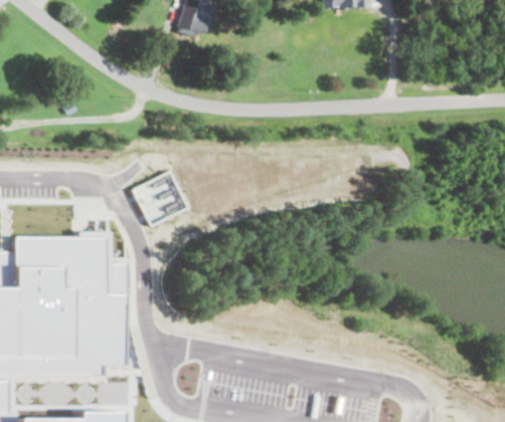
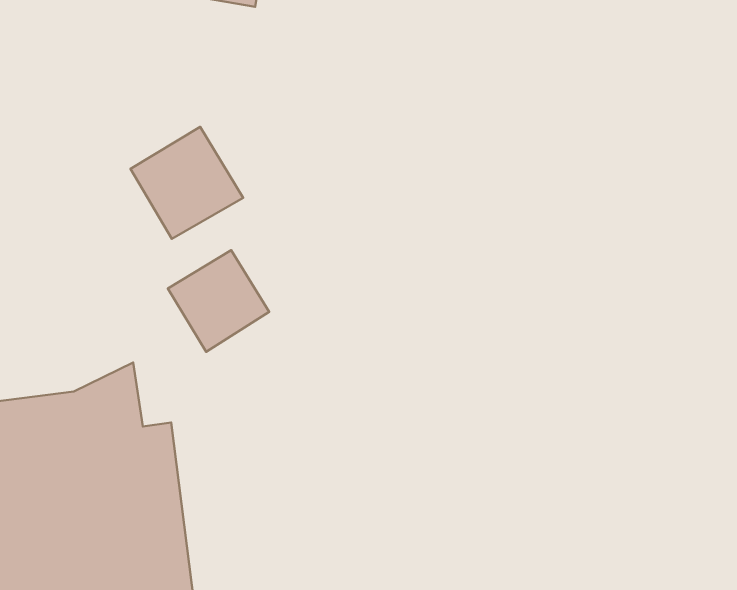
building: none -> [130,127,243,239]

